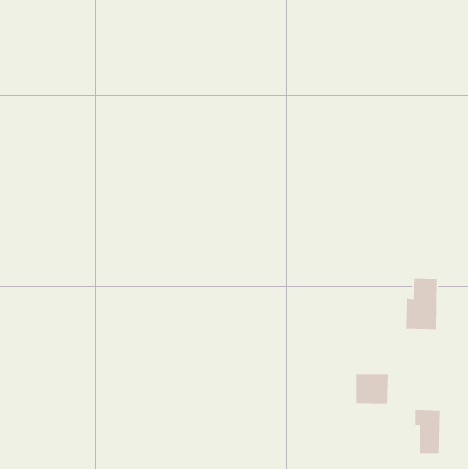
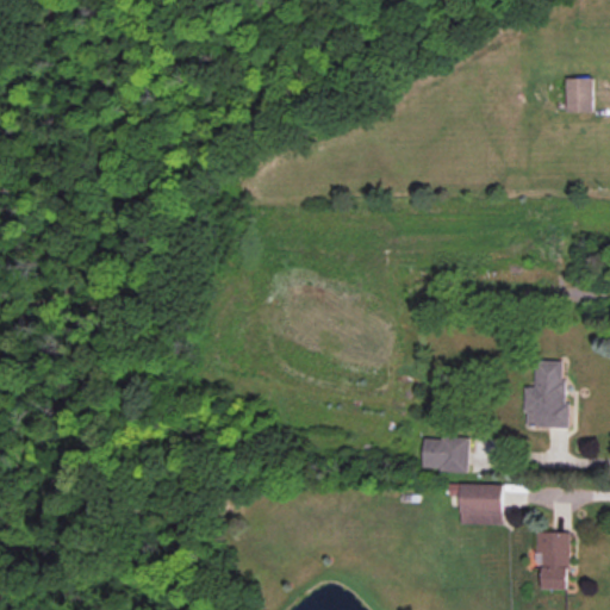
building: none -> [565,79,592,112]
building: none -> [423,437,468,472]

